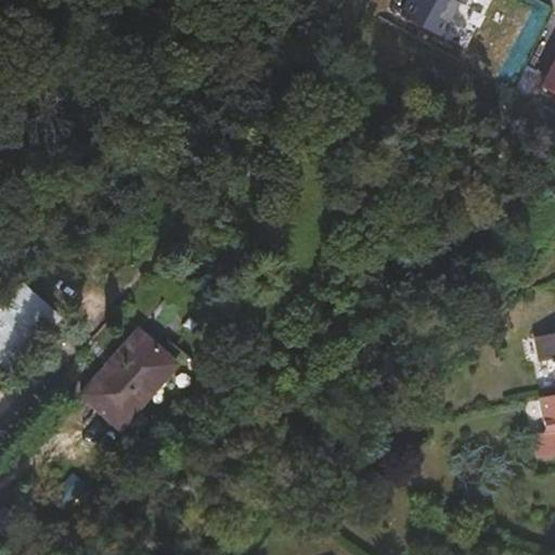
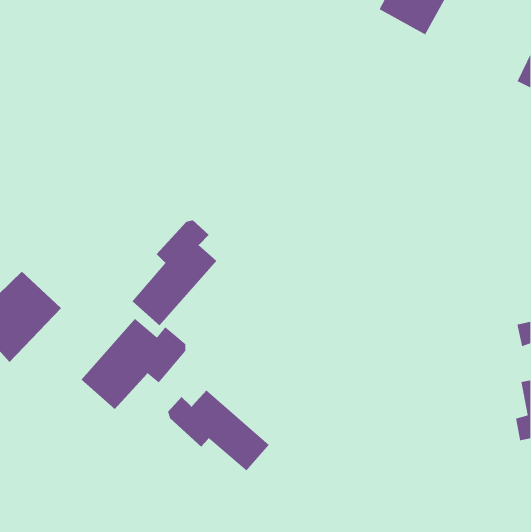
building: none -> [132,220,217,326]
building: none -> [167,389,270,471]

